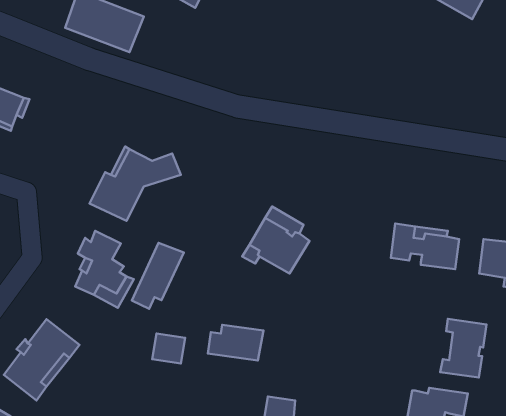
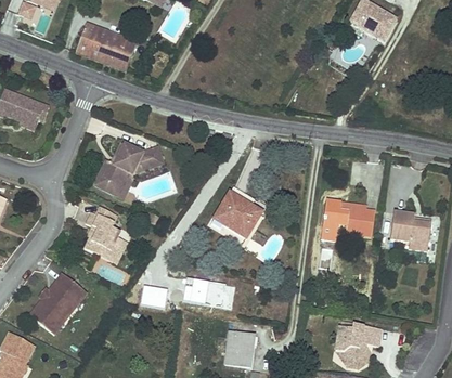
building: [132,243,184,309] -> none
building: [440,319,487,378] -> none

